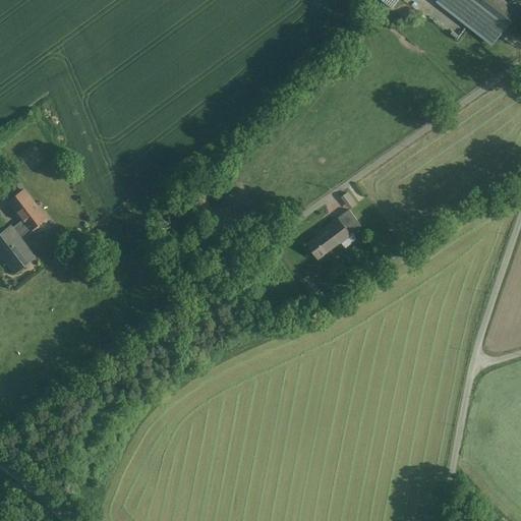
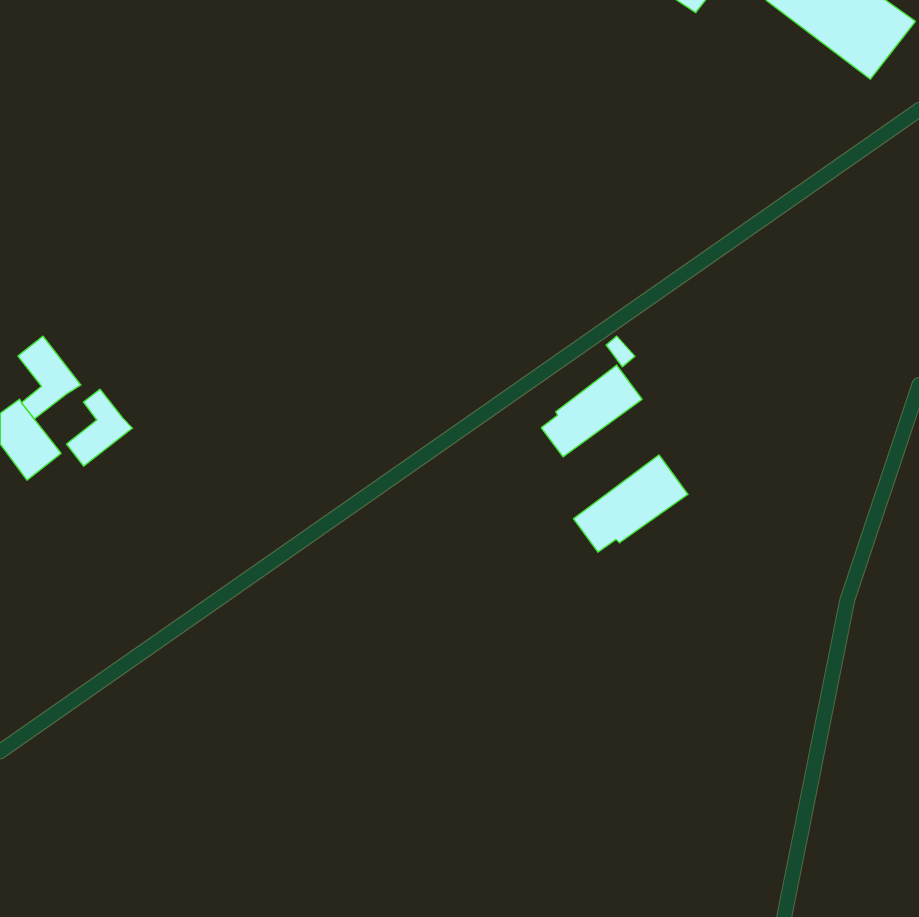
building: none -> [67,389,133,466]
building: none -> [574,455,688,552]

